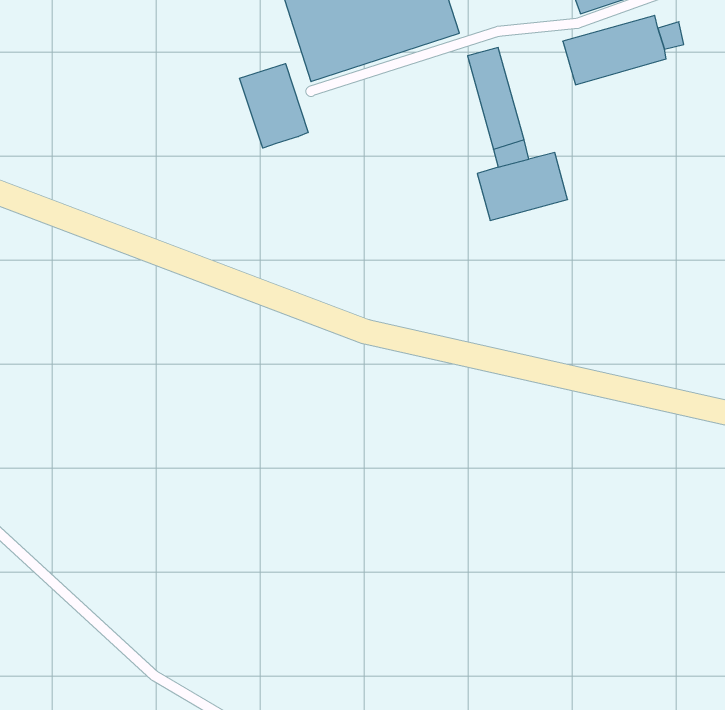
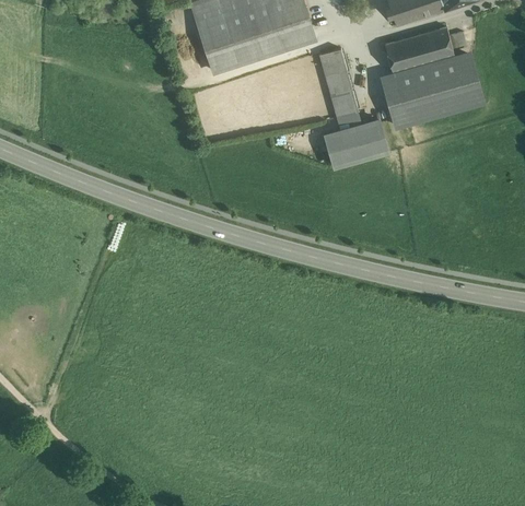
building: none -> [383,56,482,127]
building: [240,64,308,148] -> none

